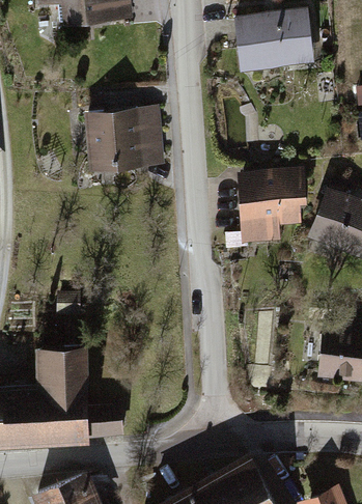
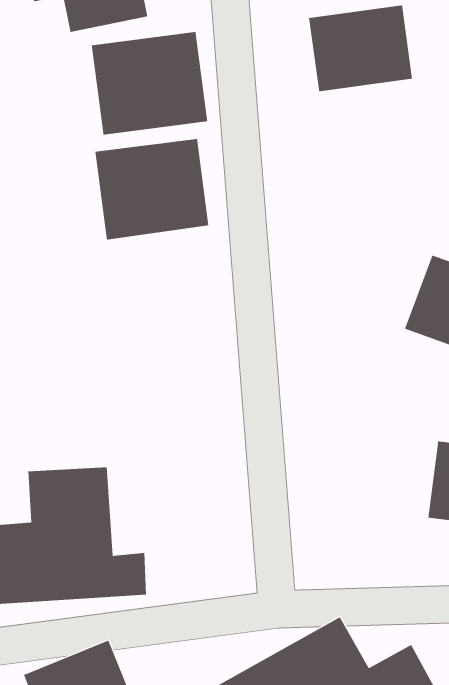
building: none -> [91,31,208,136]
building: [230,162,310,251] -> none

